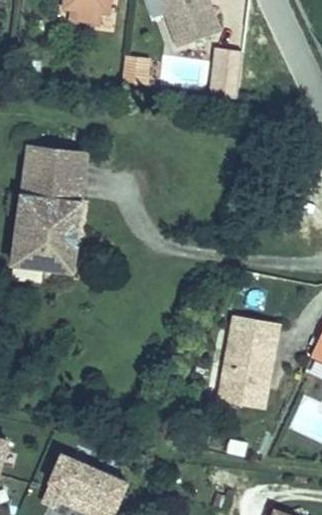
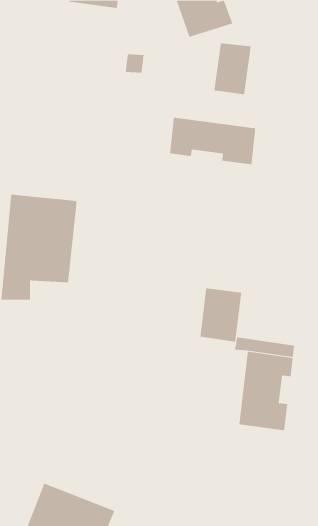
building: none -> [170,117,256,165]
building: [19,145,86,192] -> none
building: none -> [200,288,242,343]

